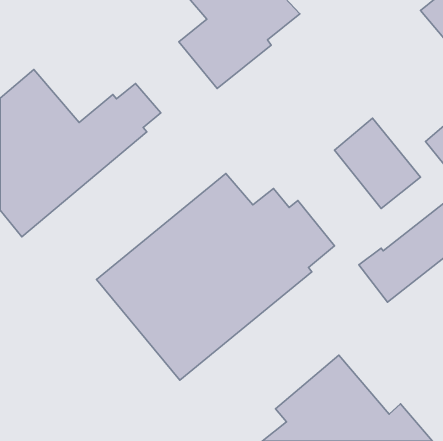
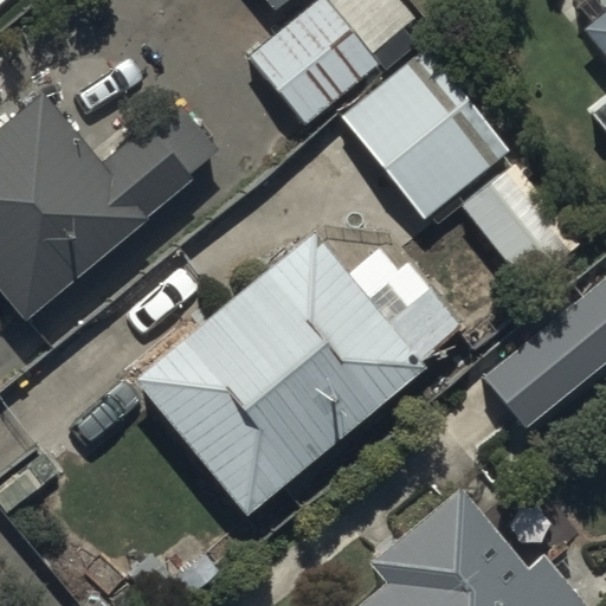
building: none -> [340,47,505,218]

